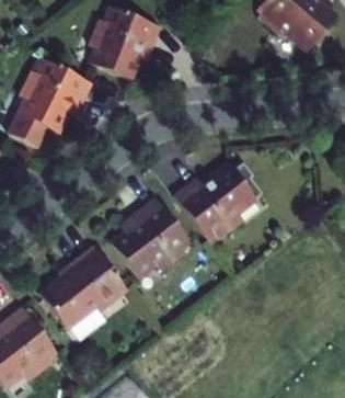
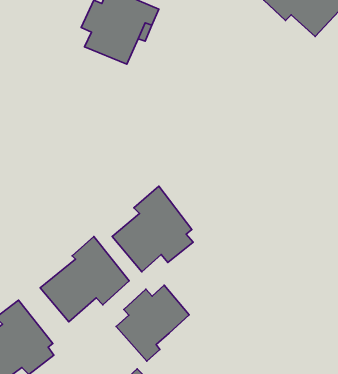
building: [9,61,90,146] -> none
building: [171,163,264,245] -> none
building: none -> [116,285,189,361]

